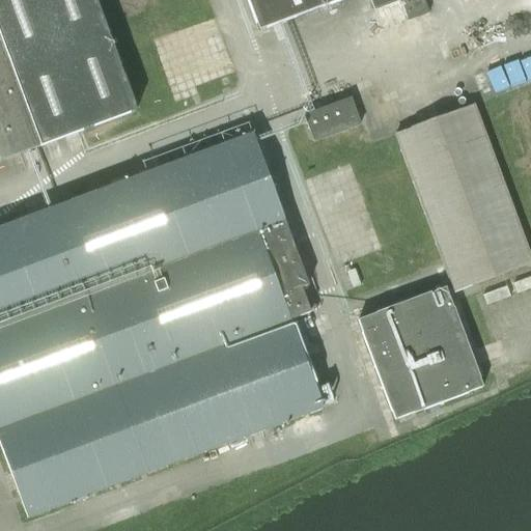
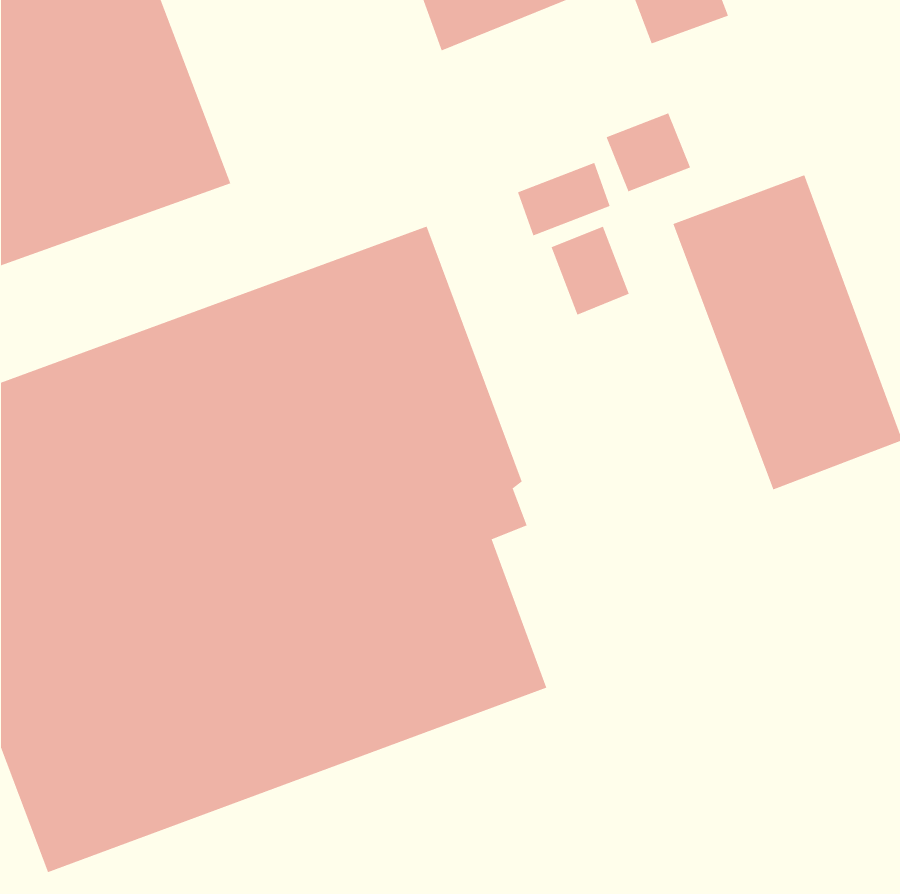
building: none -> [606,113,691,192]
building: none -> [551,226,630,316]
building: [360,286,482,415] -> none

